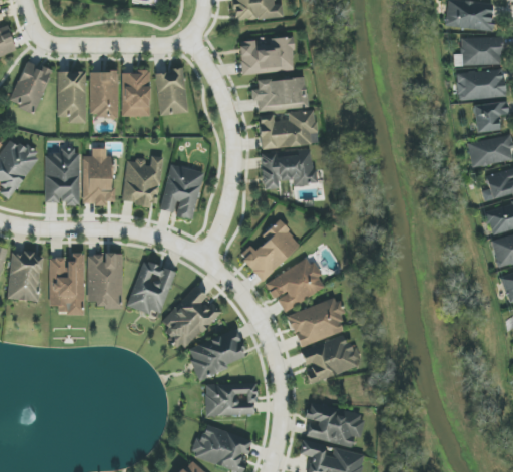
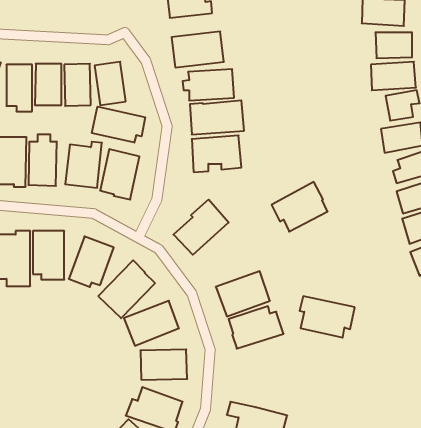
building: none -> [92,107,145,143]
building: [264,257,325,311] -> [272,182,328,232]
building: [305,402,365,447] -> [300,296,355,338]

